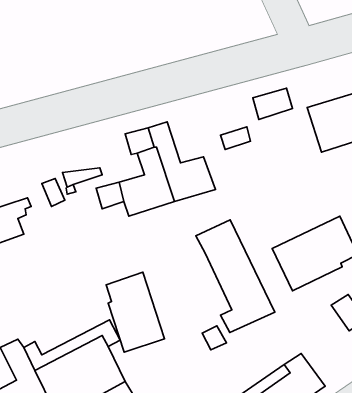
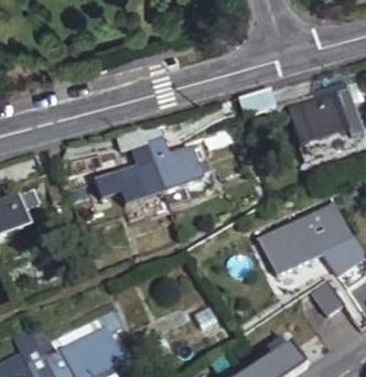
building: [196,220,275,333] -> none
building: [106,272,165,352] -> none

